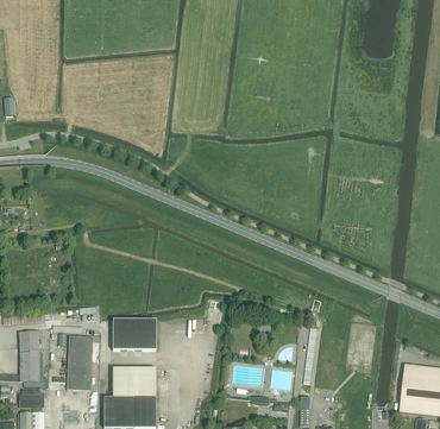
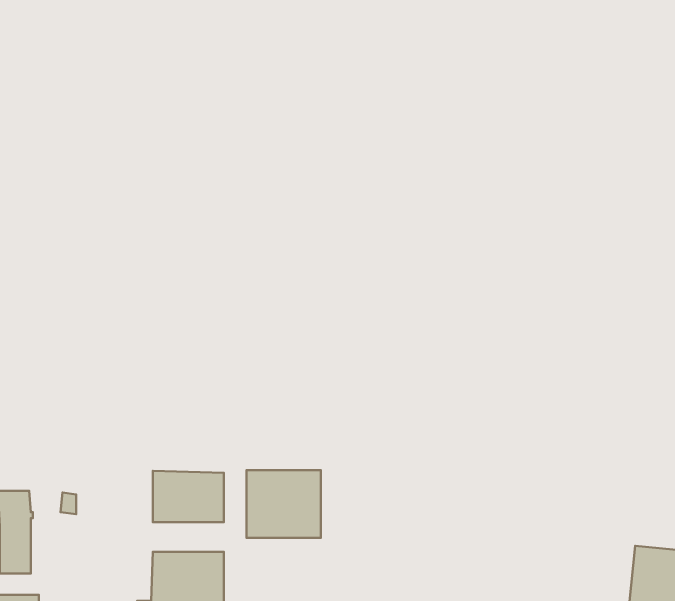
building: none -> [246,470,321,538]
building: [68,335,94,390] -> none

